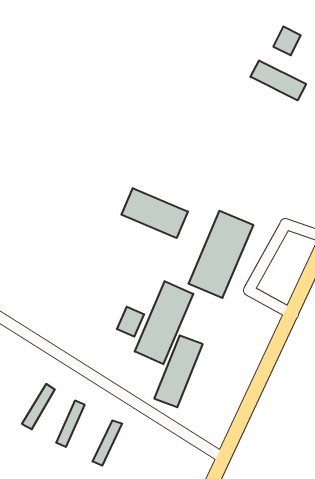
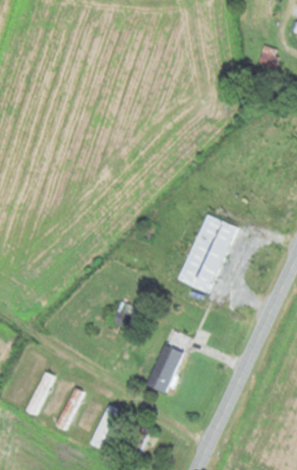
building: [250,60,306,100] -> none
building: [121,188,188,238] -> none
building: [135,281,193,364] -> none

